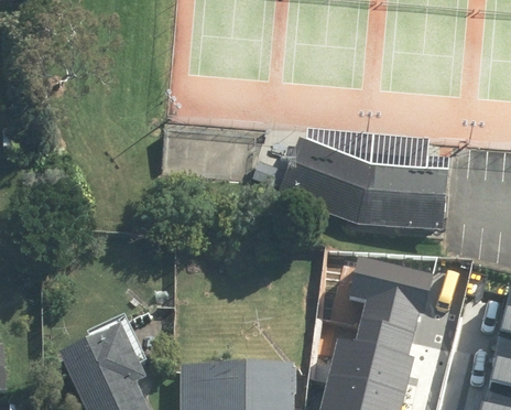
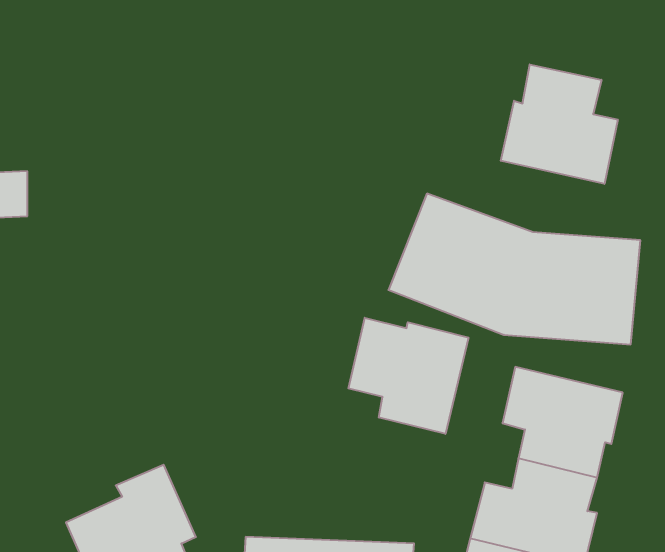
building: none -> [501,64,618,184]
building: none -> [348,318,468,434]

